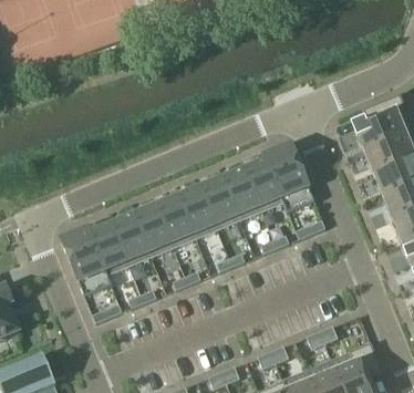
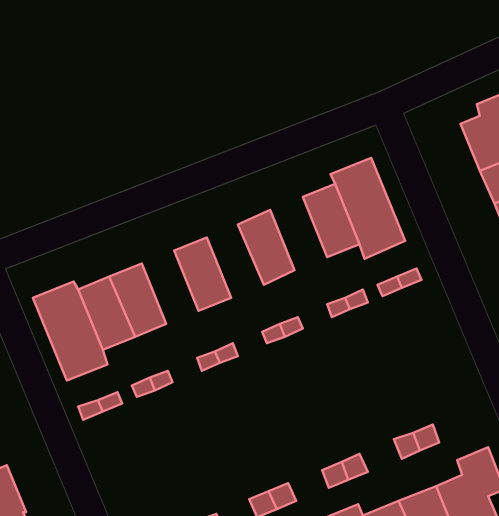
building: [221,170,260,220] -> none
building: [178,189,217,239] -> none
building: [134,207,173,257] -> none

